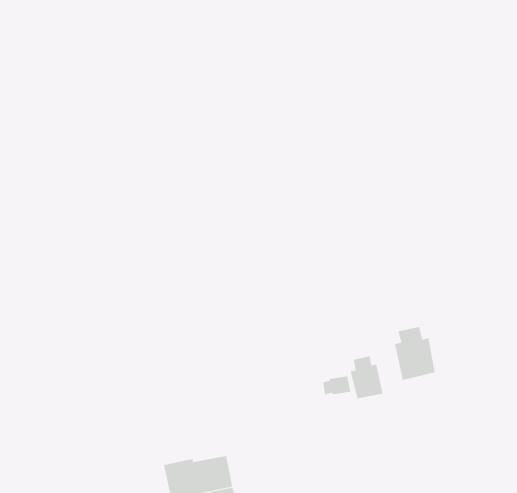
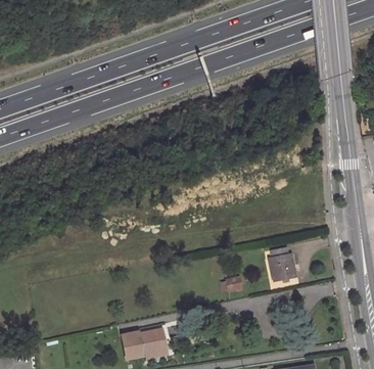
building: [350,355,383,399] -> none

